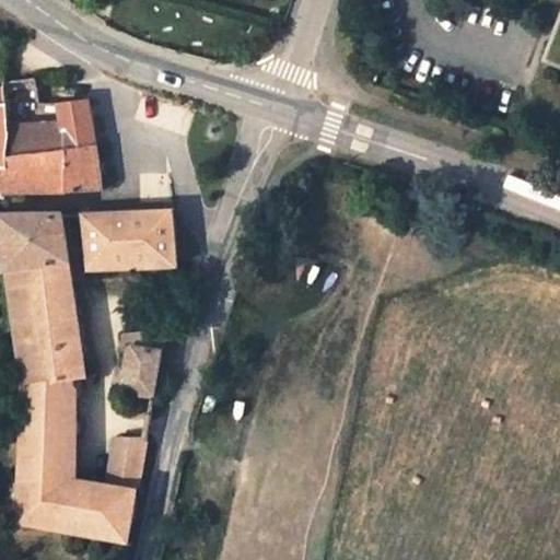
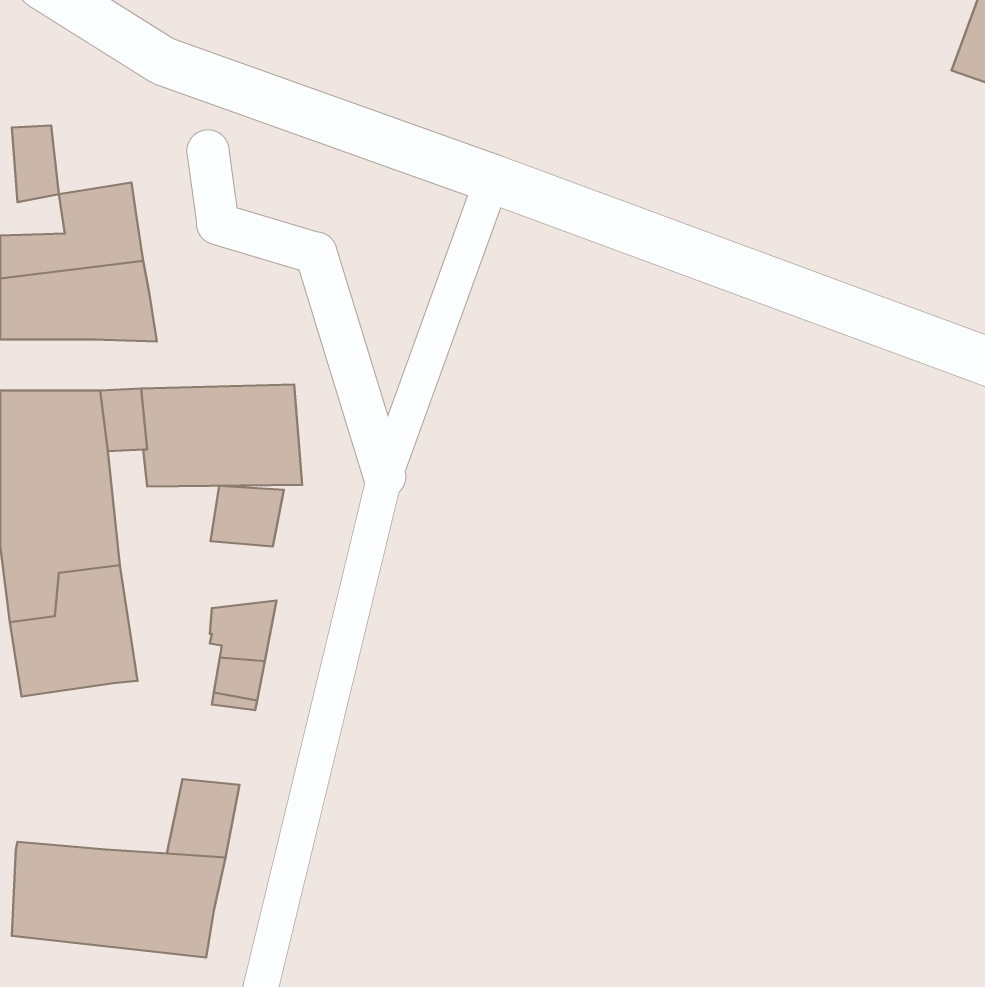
building: none -> [210,486,284,547]
building: [20,381,74,474] -> none

